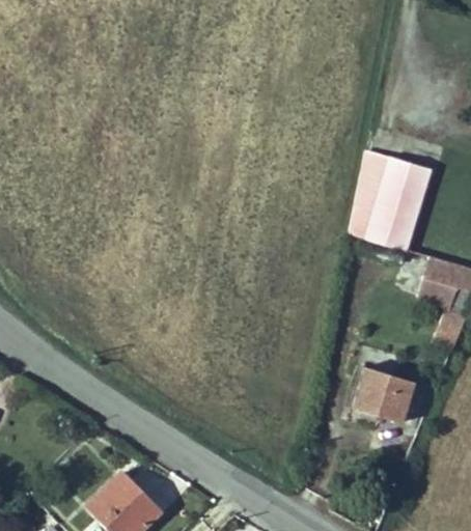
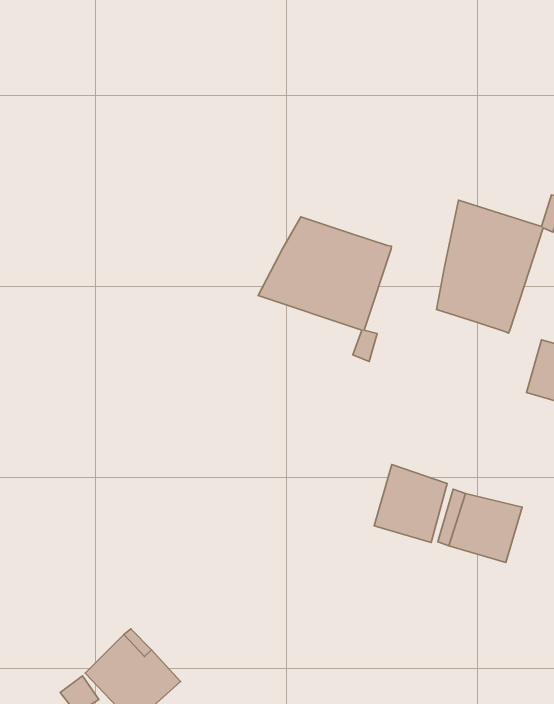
building: none -> [258,217,391,362]
building: none -> [374,464,447,543]

